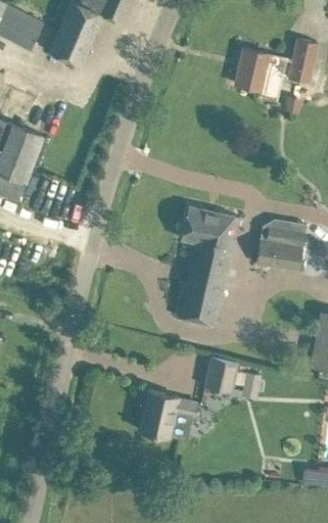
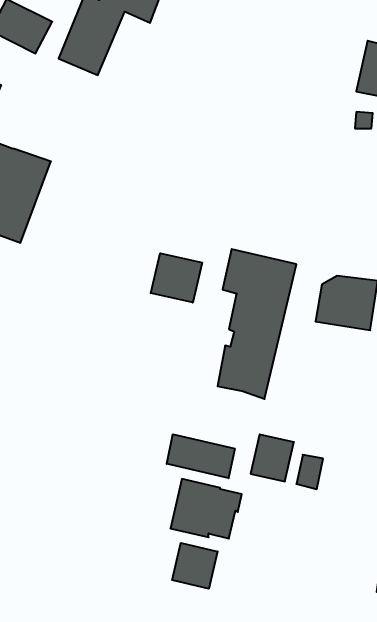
building: [235,49,280,91] -> none
building: none -> [151,253,202,303]
building: none -> [167,434,235,478]
building: none -> [172,543,218,589]

